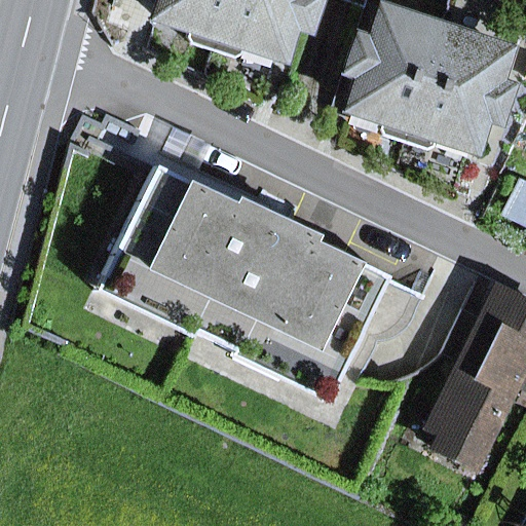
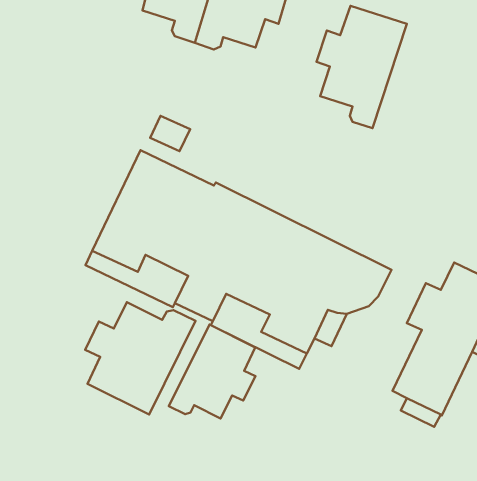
building: [412,26,514,146] -> none
building: none -> [85,302,195,414]
building: none -> [169,324,255,418]

